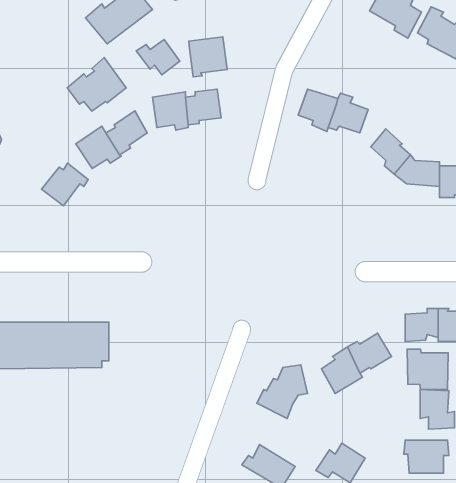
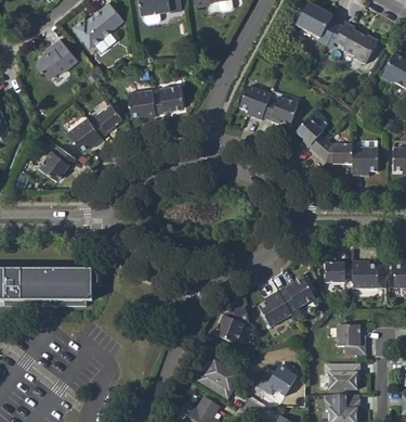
building: [189,37,227,77] -> none
building: [136,39,180,75] -> none
building: [67,58,126,111] -> [30,35,77,77]
building: [407,349,448,390] -> none

